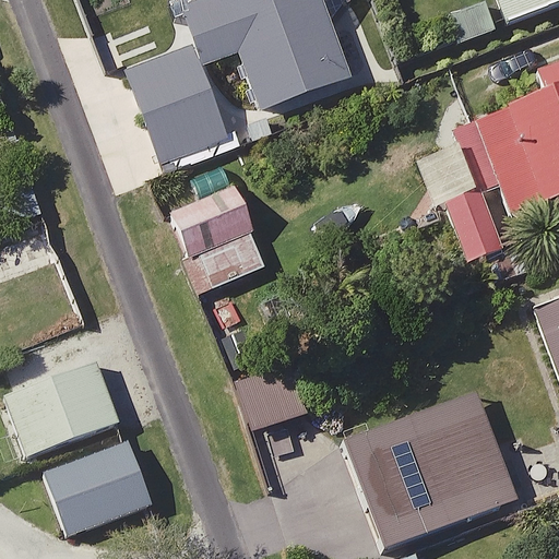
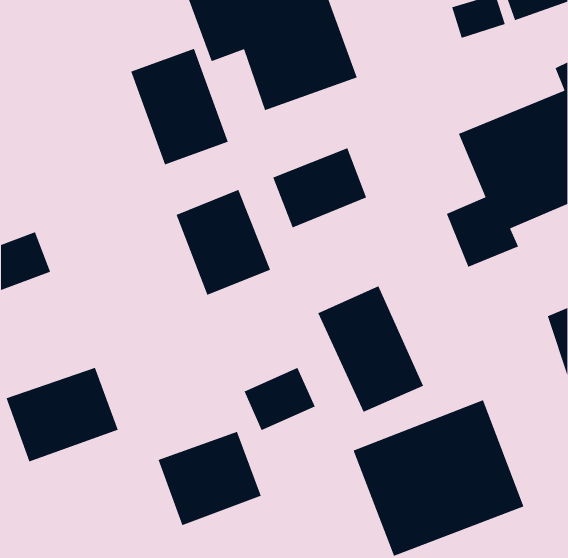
building: none -> [272,147,367,228]
building: none -> [317,285,424,413]
building: [46,438,148,532] -> [157,431,262,526]

